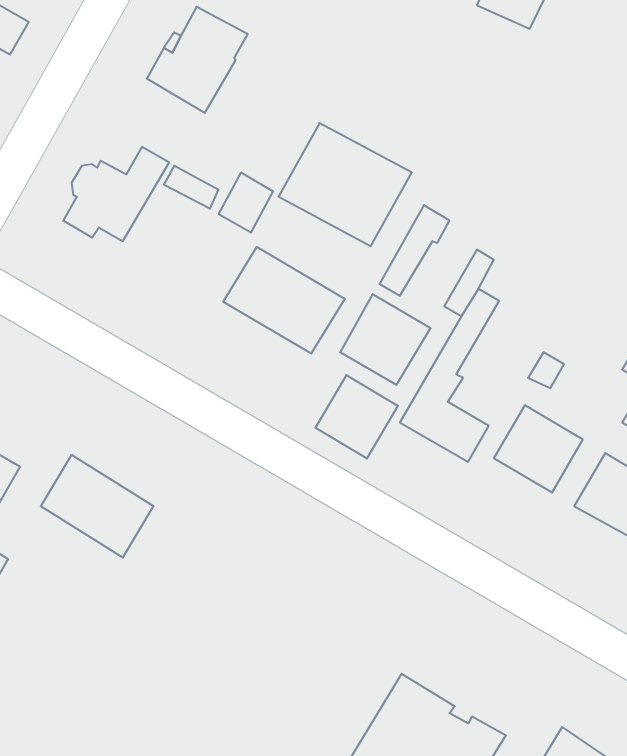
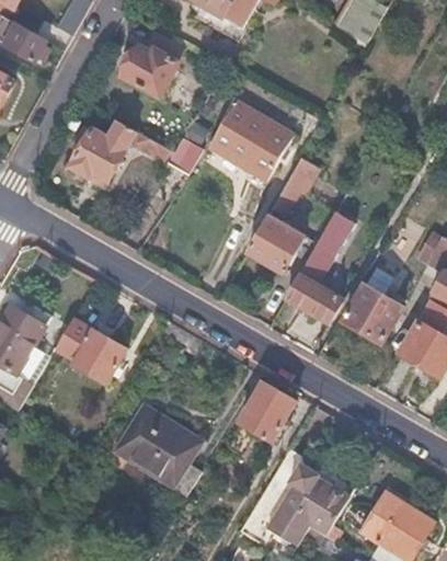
building: [223,247,345,354] -> none
building: [315,375,398,459] -> none
building: none -> [242,385,297,443]
building: none -> [114,404,203,497]

